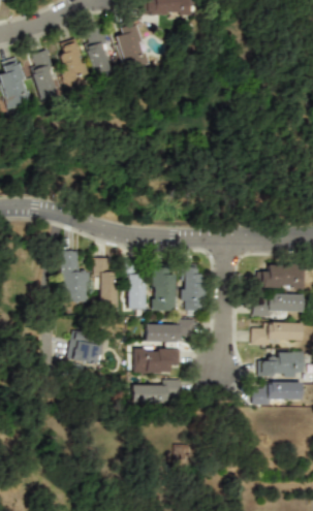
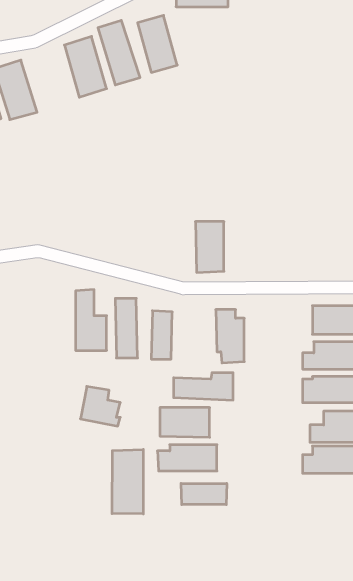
building: [28,51,59,99] -> none
building: [152,269,176,312] -> [195,222,224,272]
building: none -> [112,449,143,514]
building: none -> [181,483,227,505]

